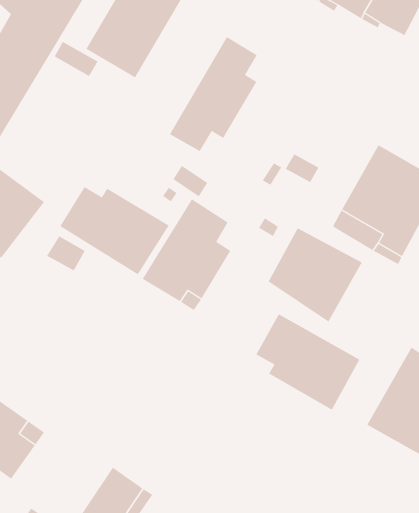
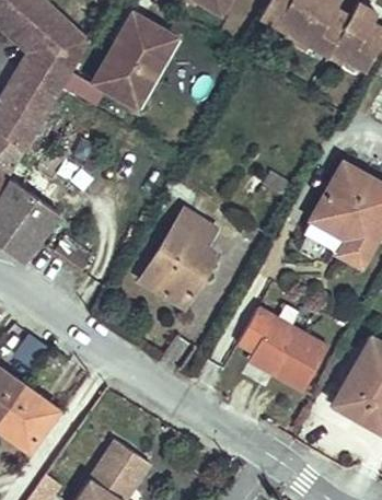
building: [169,36,258,152] -> none
building: [60,186,169,275] -> none
building: [268,228,362,322] -> none

